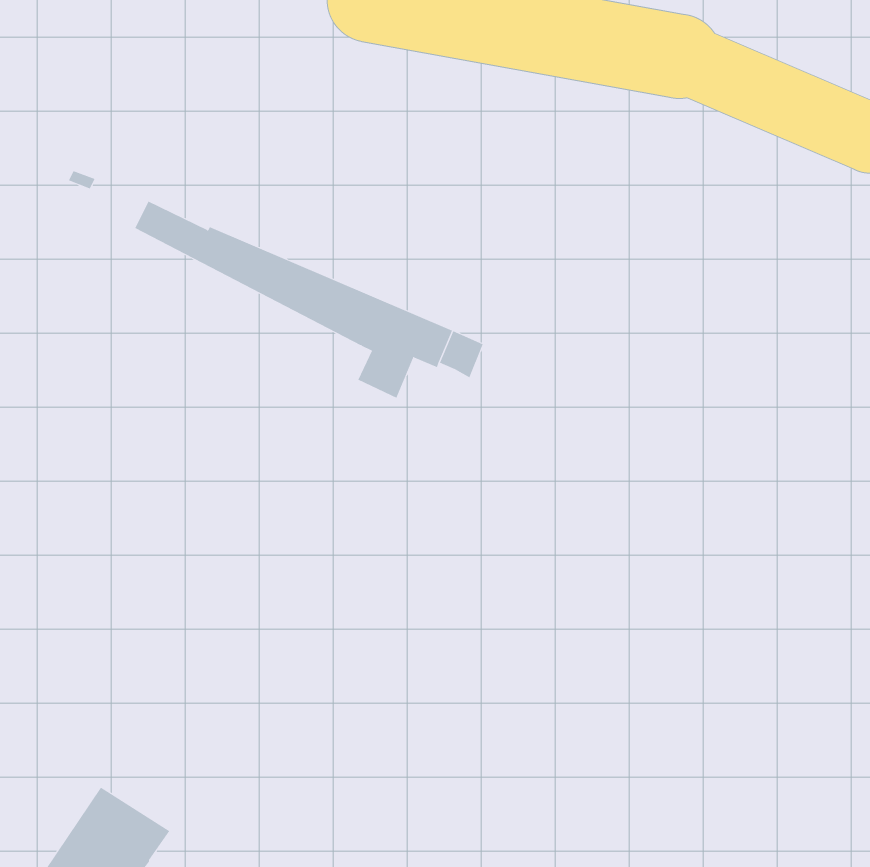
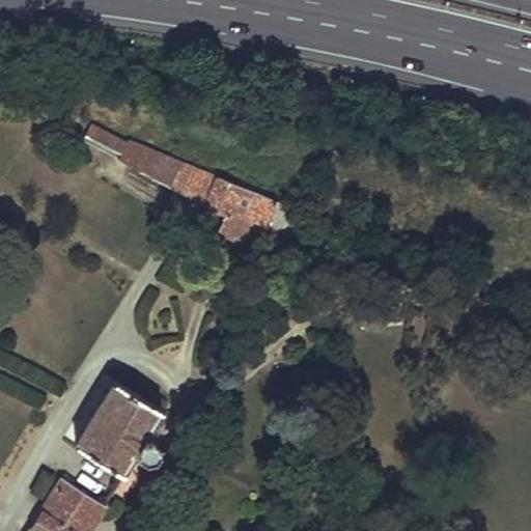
building: none -> [76,382,163,475]

